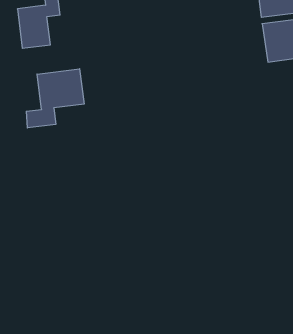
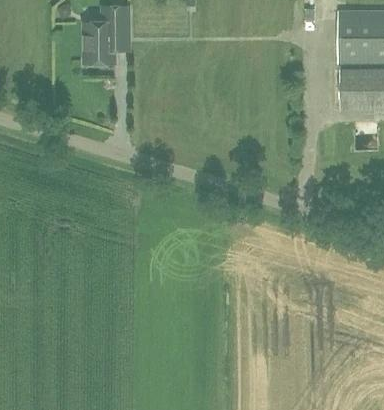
building: [26,69,84,128] -> none

